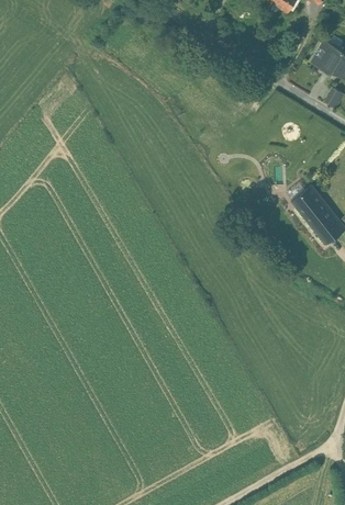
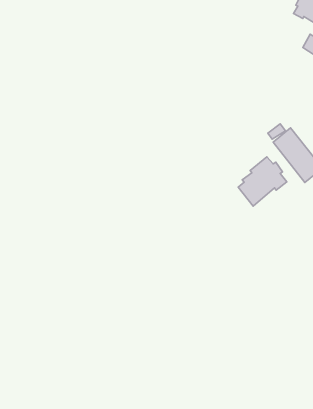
building: none -> [238,157,287,206]

